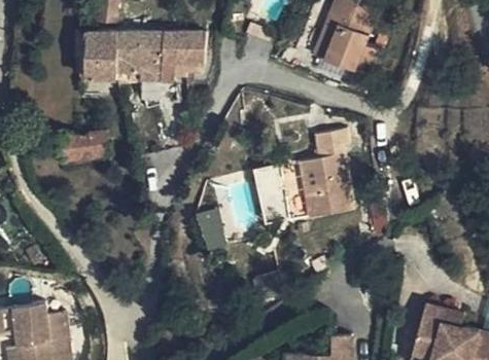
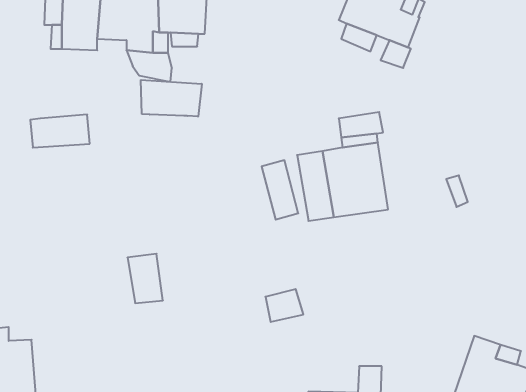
building: none -> [141,80,202,117]
building: [191,203,220,243] -> [127,254,163,303]

